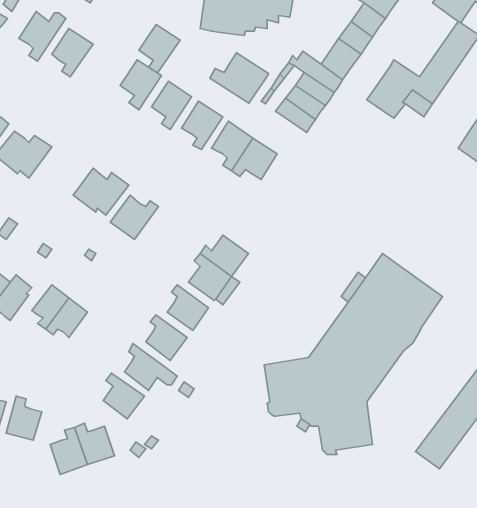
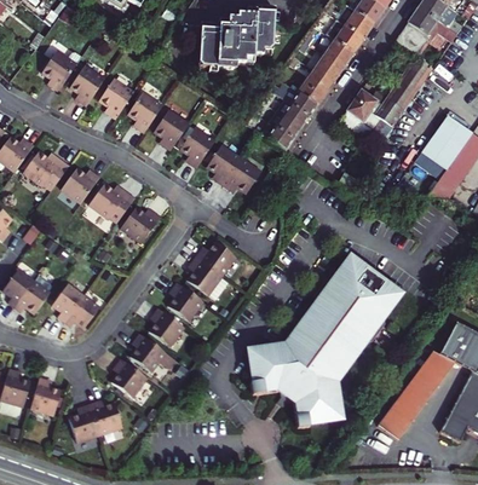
building: [139,24,180,73] -> [98,77,133,119]
building: [210,53,268,103] -> none
building: none -> [59,168,99,204]

